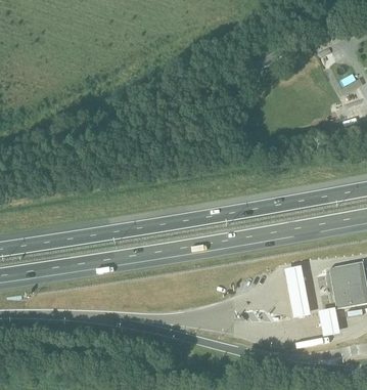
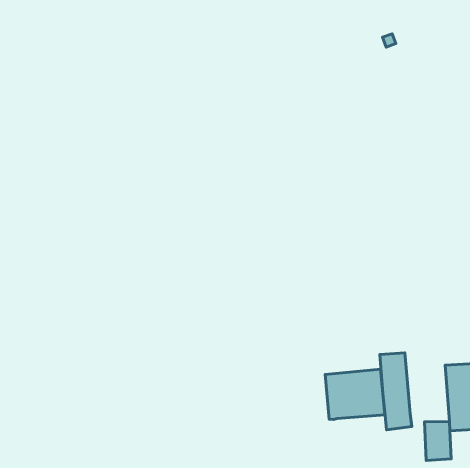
building: none -> [325,369,385,419]

